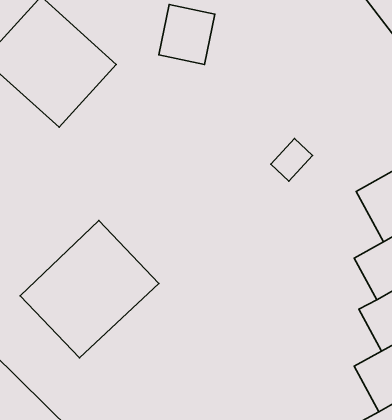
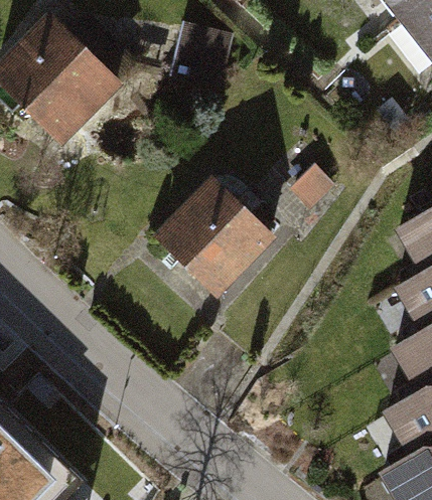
building: none -> [152,178,283,309]
building: [20,221,159,358] -> none

